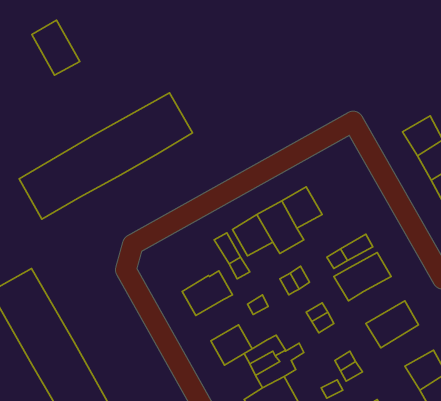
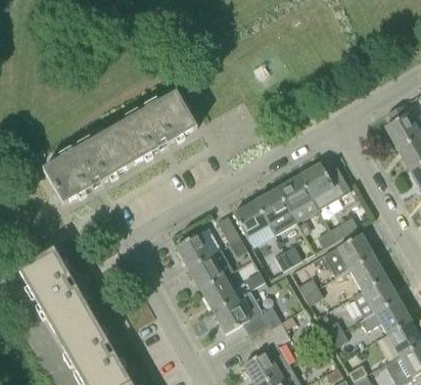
building: [32,20,80,75] -> none
building: none -> [298,162,350,209]
building: none -> [176,232,212,268]
building: none -> [349,254,386,296]
building: none -> [200,275,238,311]
building: none -> [361,297,412,334]

